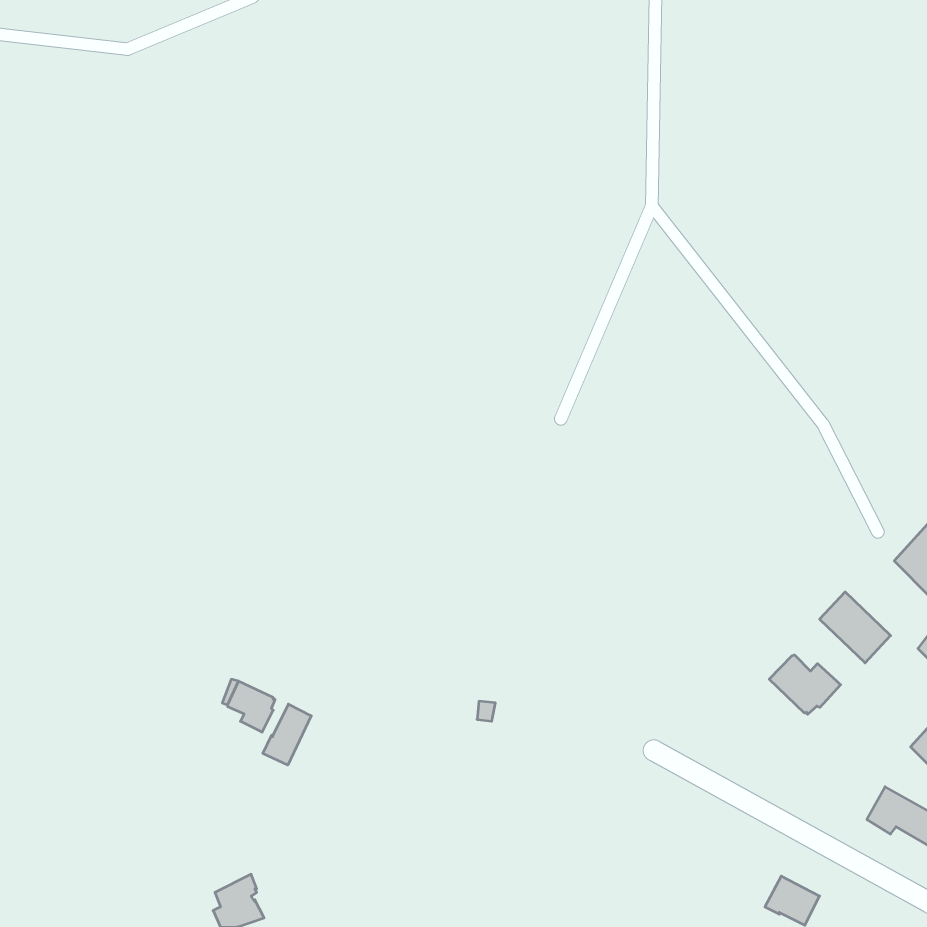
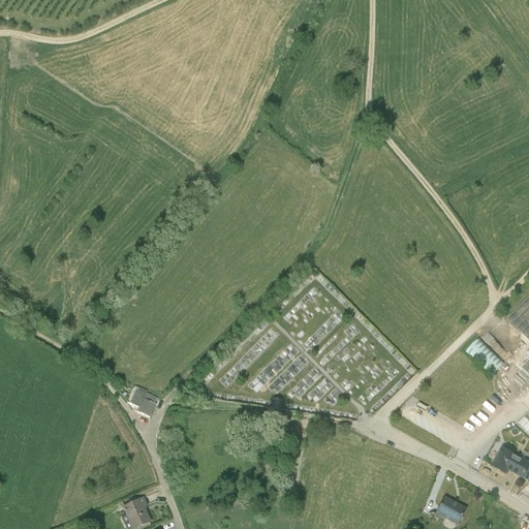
building: [769,655,841,714] -> none
building: [263,704,311,765] -> none

